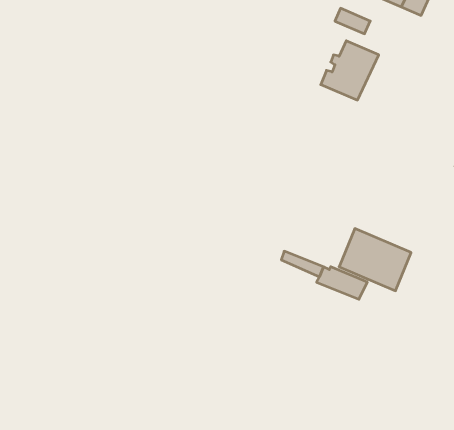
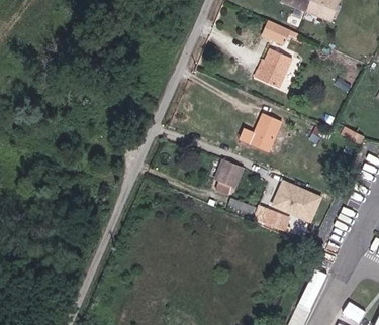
building: none -> [246,107,287,146]
building: none -> [214,154,244,190]

